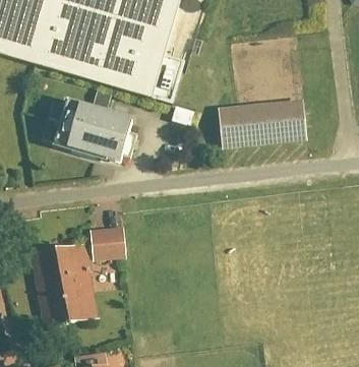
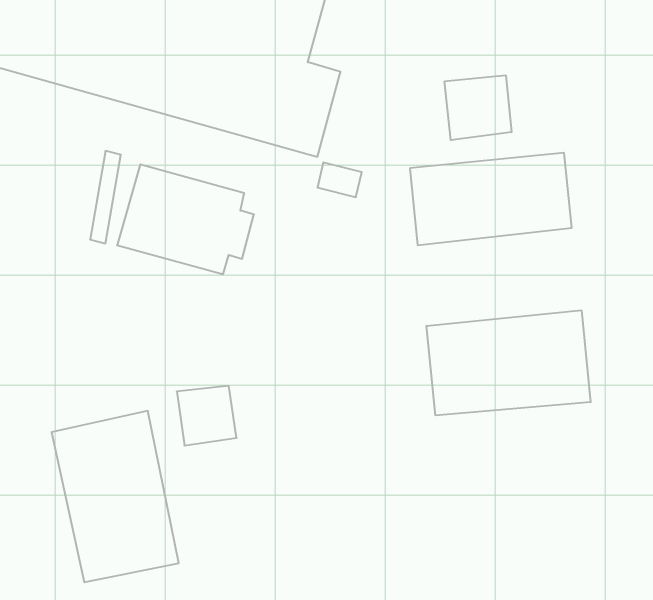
building: none -> [445,75,511,140]
building: none -> [427,310,591,415]

